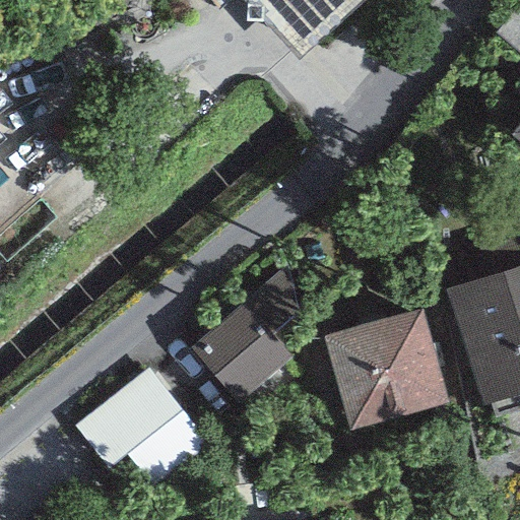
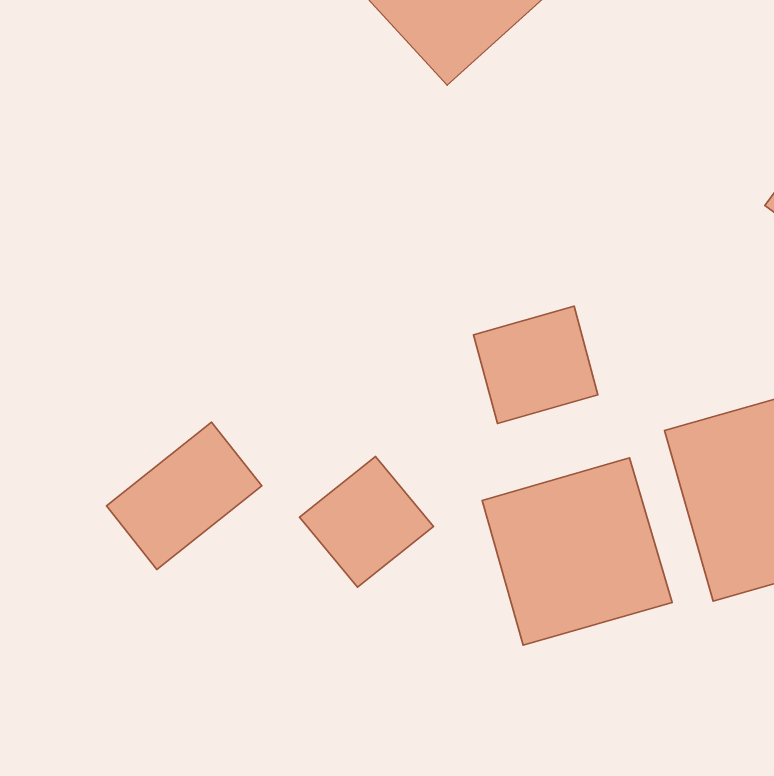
building: none -> [474,306,598,424]
building: [86,375,190,473] -> [107,422,262,570]

